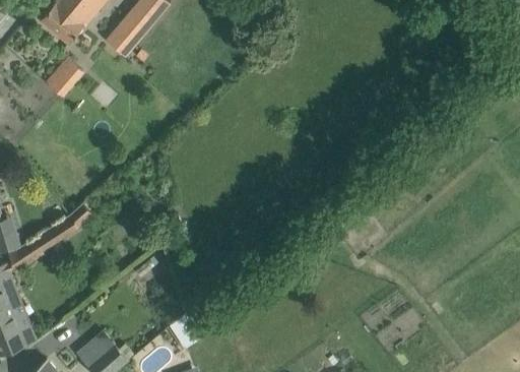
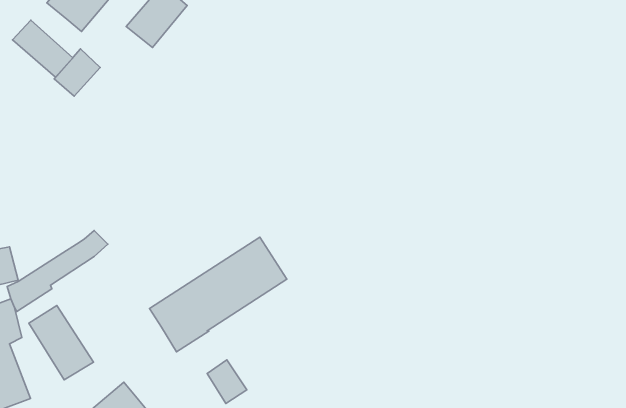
building: none -> [13,20,73,77]
building: none -> [150,237,287,352]
building: none -> [29,305,93,380]

